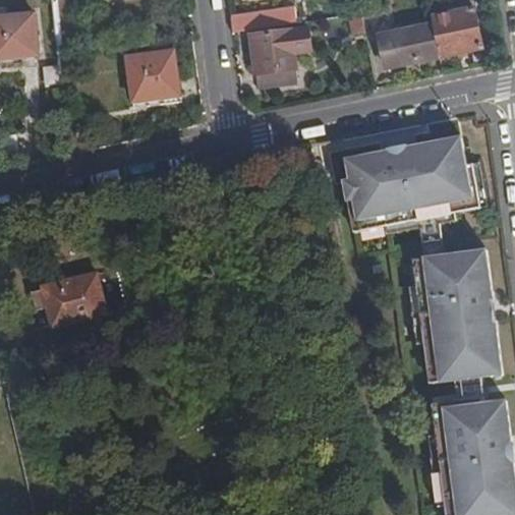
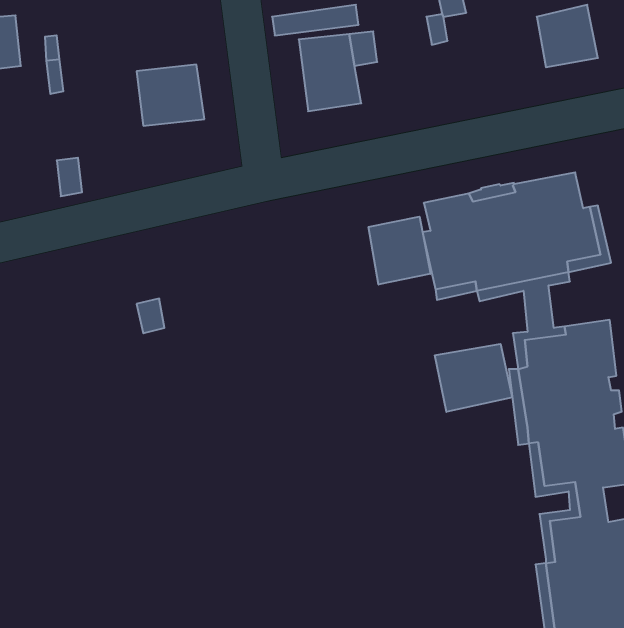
building: [379,21,437,64] -> none
building: none -> [369,217,430,285]
building: none -> [435,344,512,412]
building: [42,274,106,327] -> none

